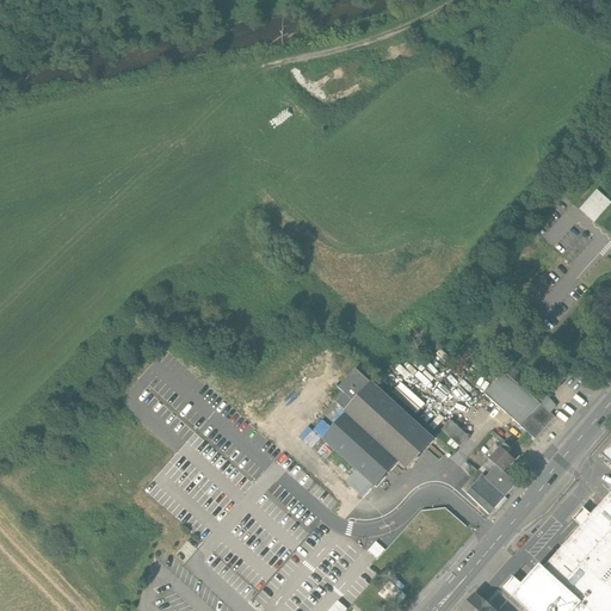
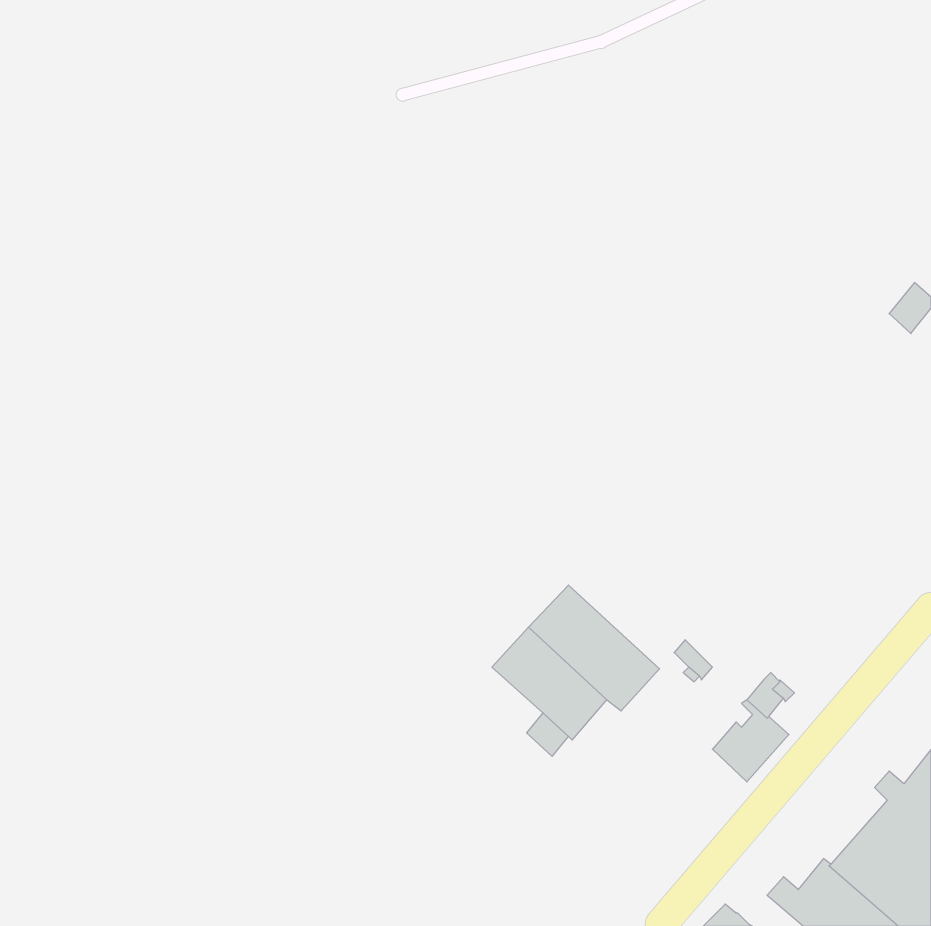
building: [332,369,372,411] -> none
building: [485,370,555,437] -> none

